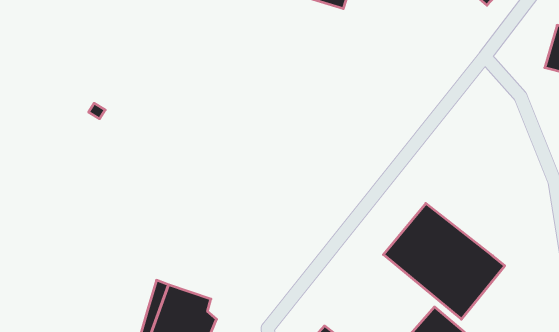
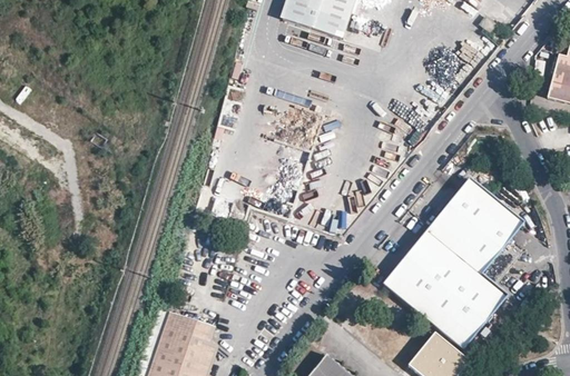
building: none -> [426,179,521,284]

